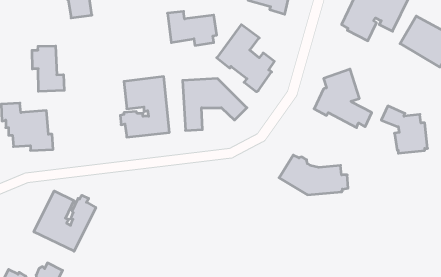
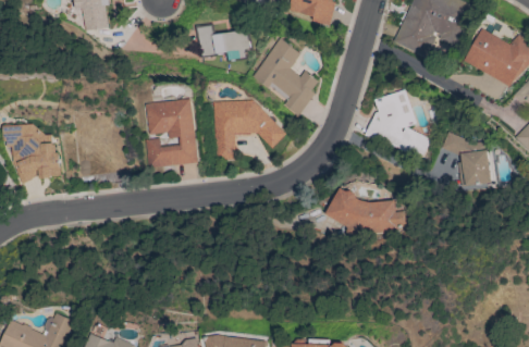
building: [32,46,64,91] -> none
building: [34,191,96,251] -> none

